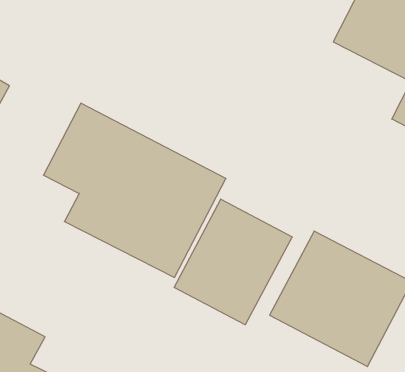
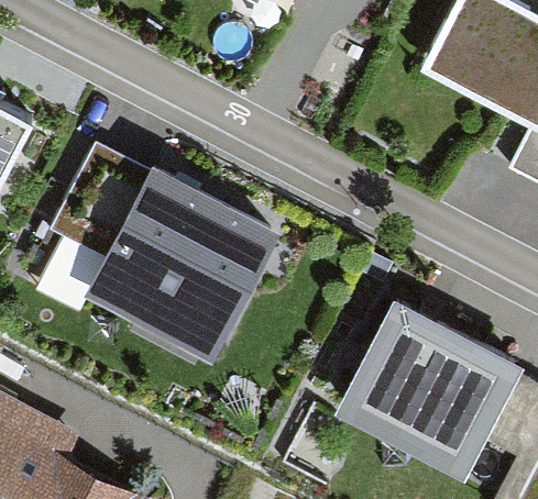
building: [174,199,292,325] -> none

